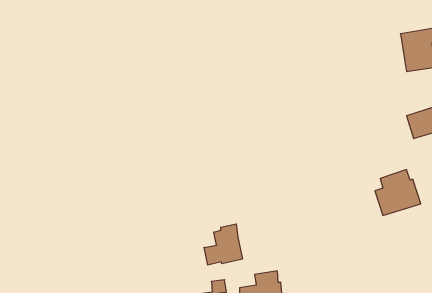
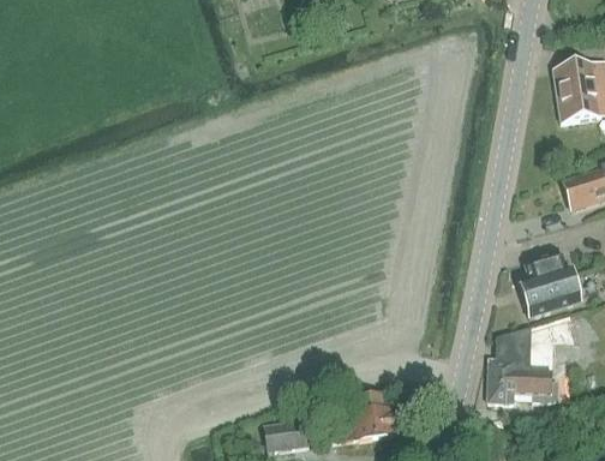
building: none -> [487,315,574,403]
building: [204,224,242,265] -> none

